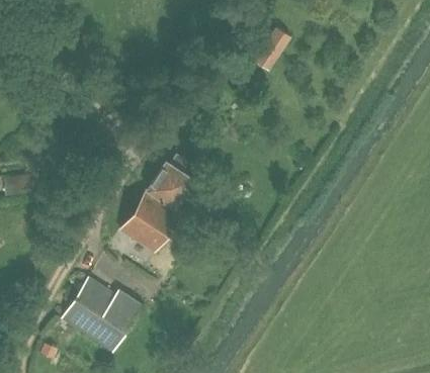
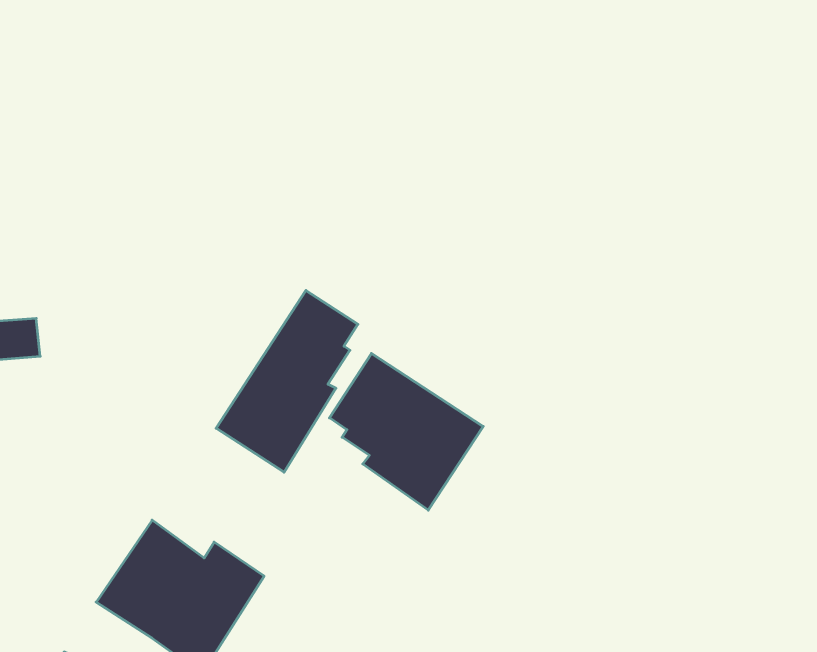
building: [252,24,292,72] -> none
building: none -> [329,353,483,510]

